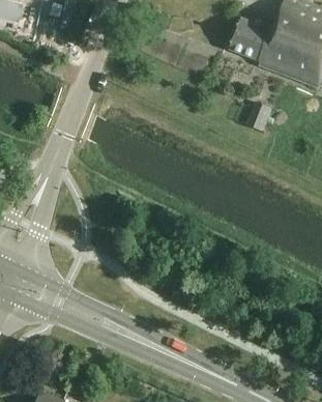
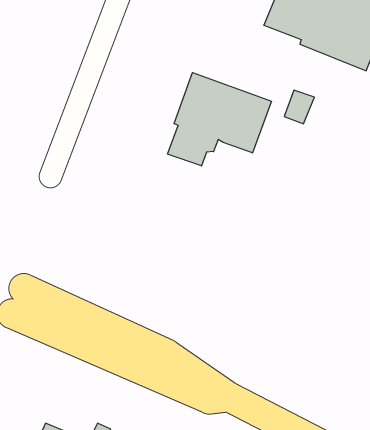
building: none -> [168,73,271,166]

